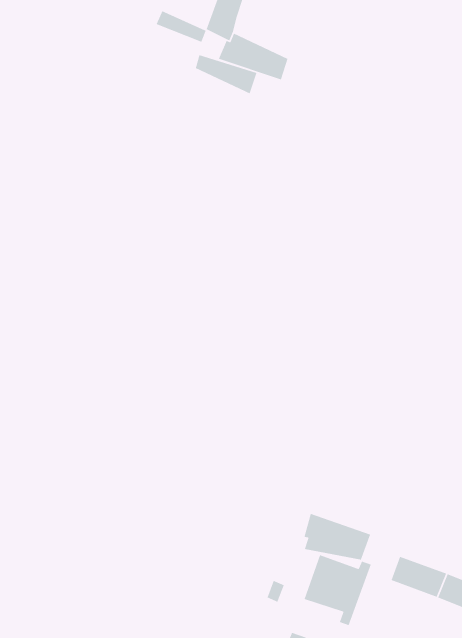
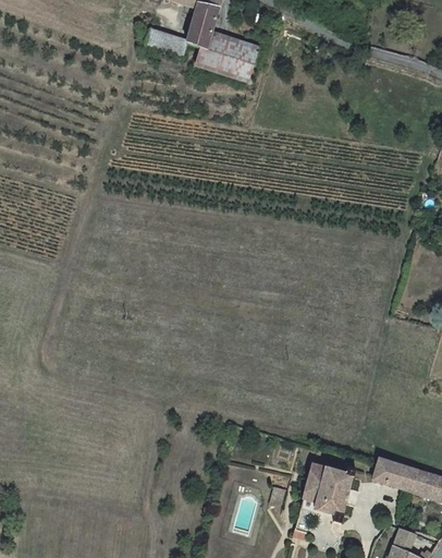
building: [195,54,257,94] -> [206,31,257,60]
building: [303,513,371,561] -> none

